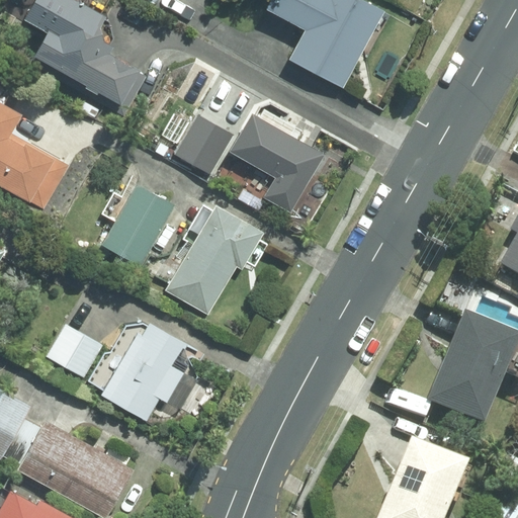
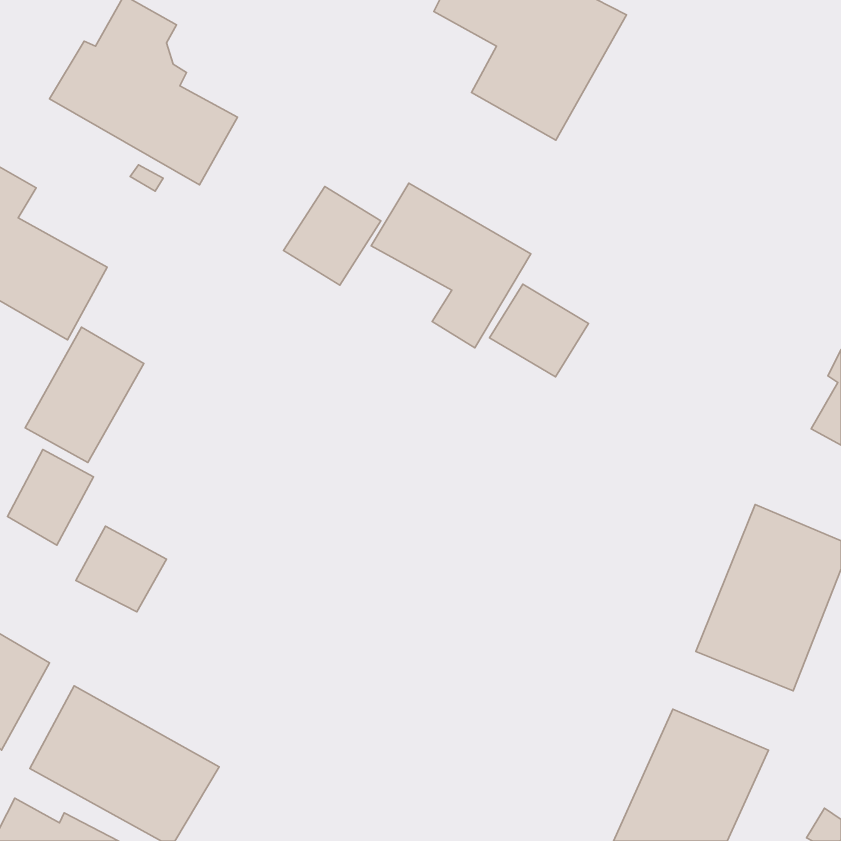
building: none -> [490,284,589,377]
building: [102,181,175,264] -> [25,327,144,462]
building: [165,206,262,316] -> none
building: none -> [8,450,93,545]
building: [101,322,188,419] -> none

